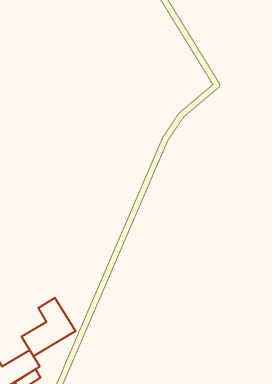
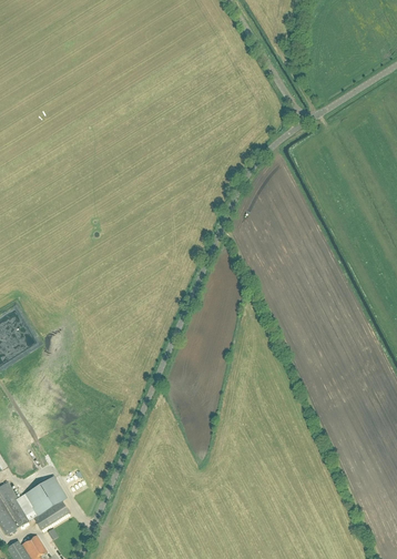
building: [22,298,76,356] -> none

